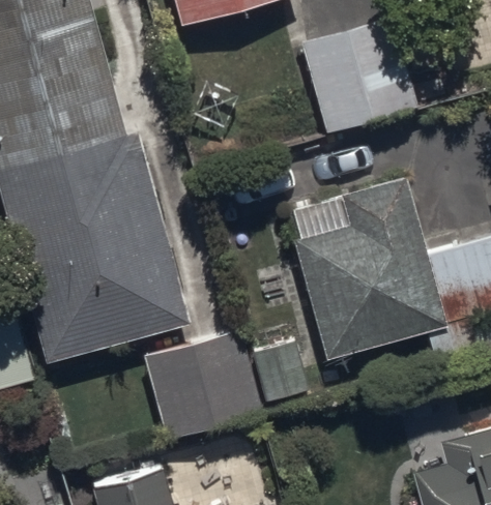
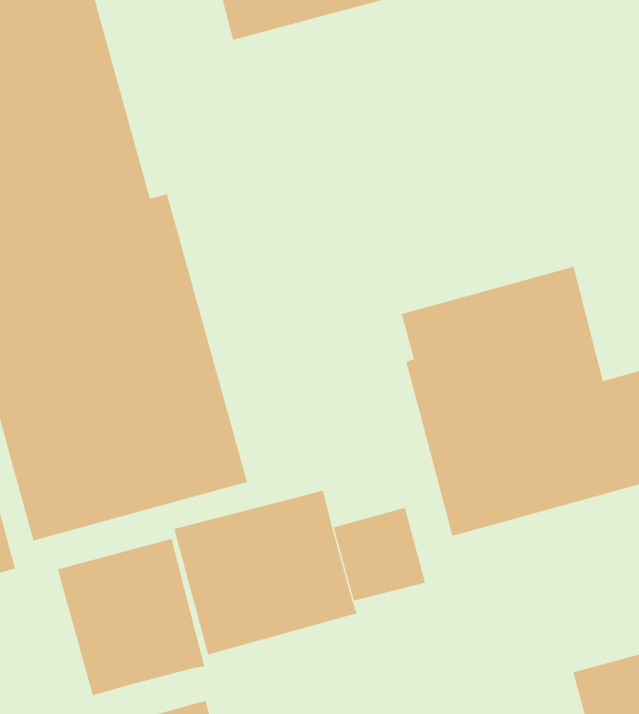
building: [302,17,420,133] -> none
building: none -> [57,538,205,696]

